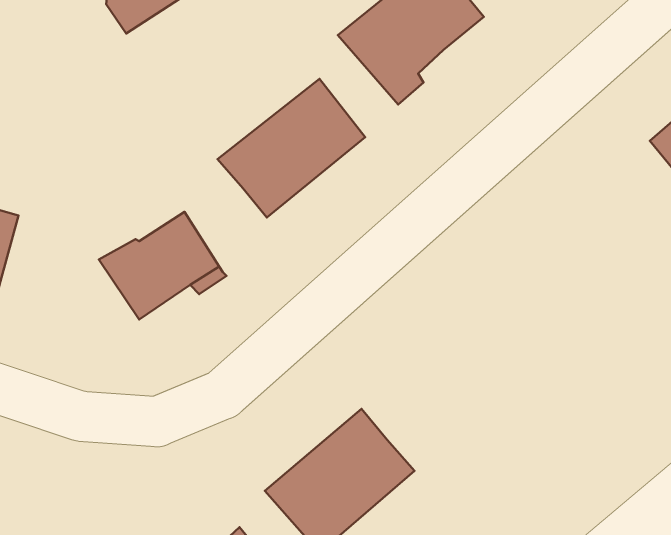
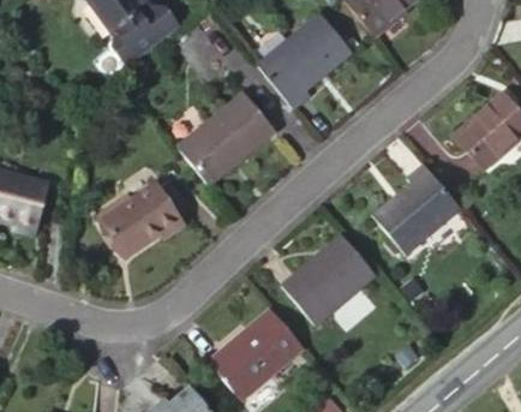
building: none -> [379,169,465,259]
building: none -> [287,232,377,329]

